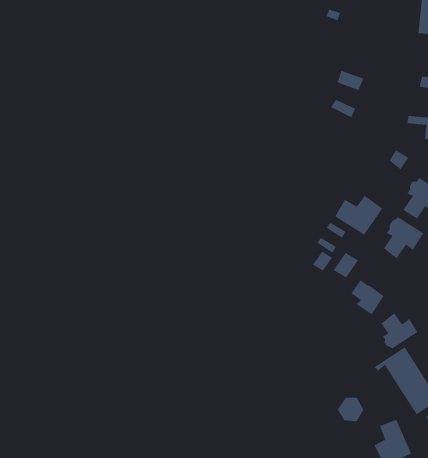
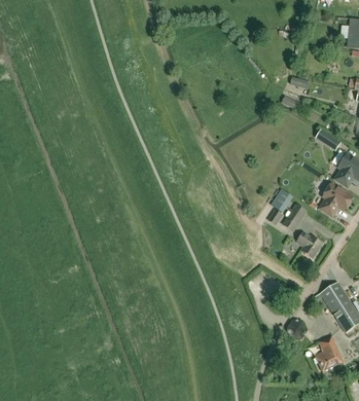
building: [335,195,383,236] -> none
building: [381,313,418,349] -> none

